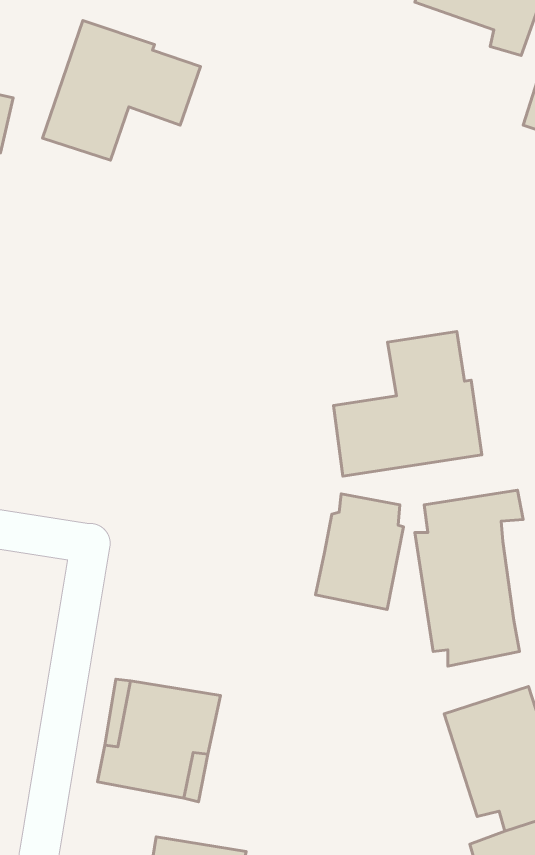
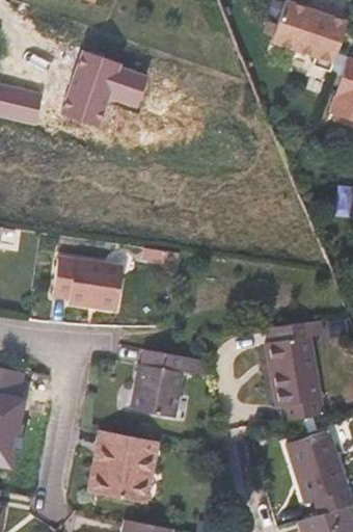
building: [333,331,482,476] -> none
building: none -> [48,254,119,309]
building: [315,494,404,610] -> [135,345,185,410]

